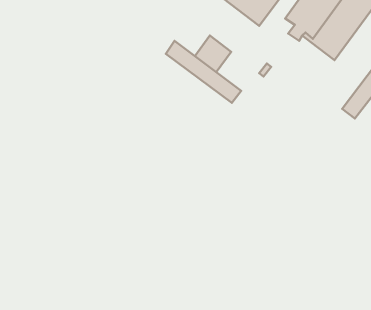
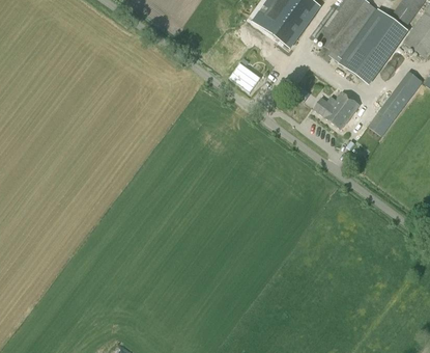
building: [166,41,241,103] -> none
building: none -> [314,93,360,129]

